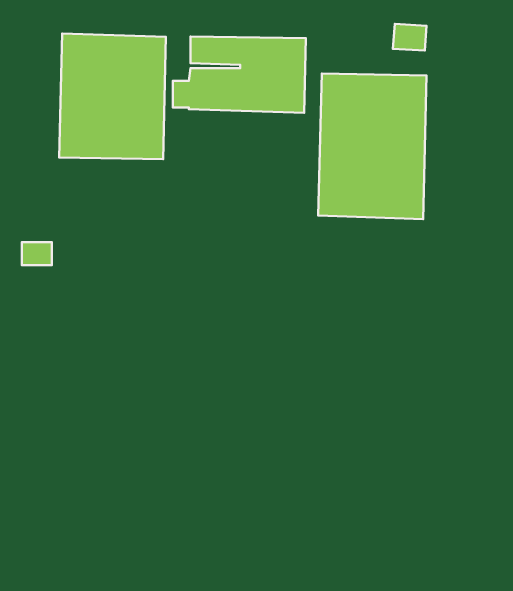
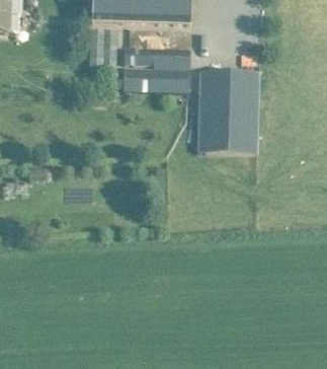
building: [59,34,166,159] -> none

